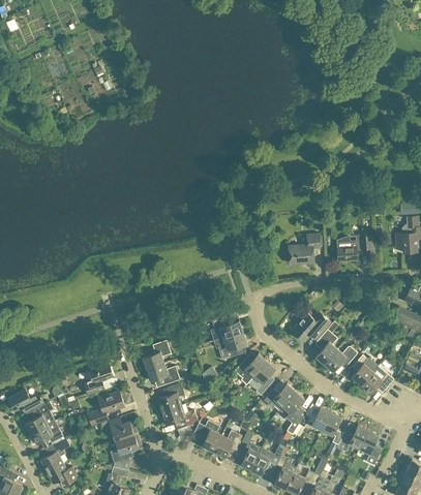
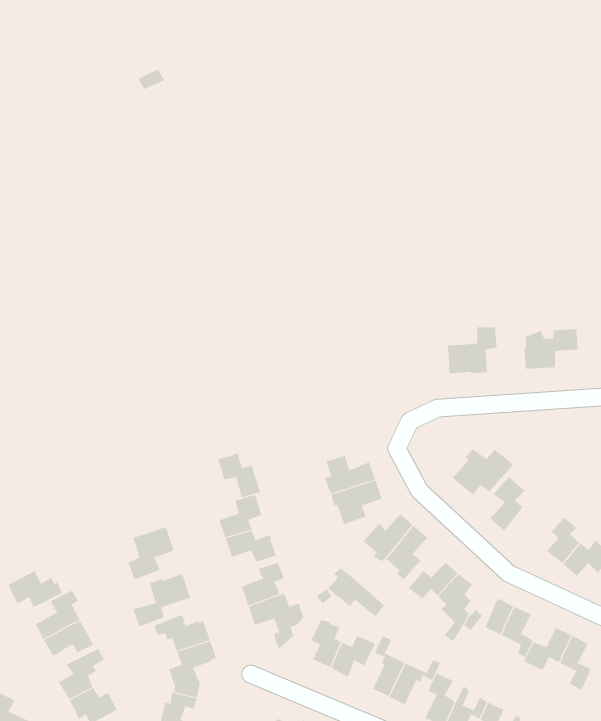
building: none -> [218,452,261,498]
building: [324,345,357,371] -> none
building: none -> [328,567,385,617]

